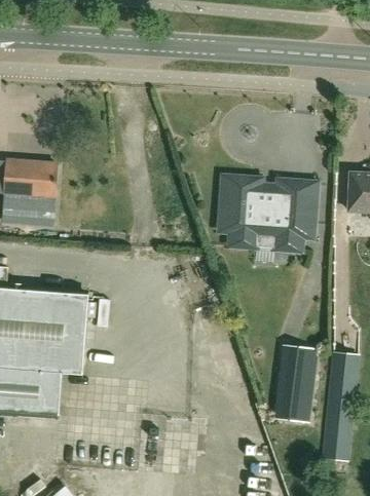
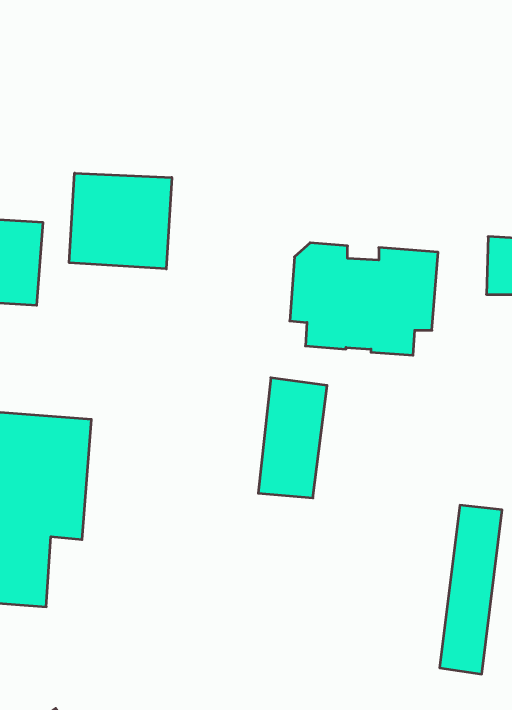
building: none -> [69,173,172,269]
building: [272,344,318,423] -> [258,378,327,498]

